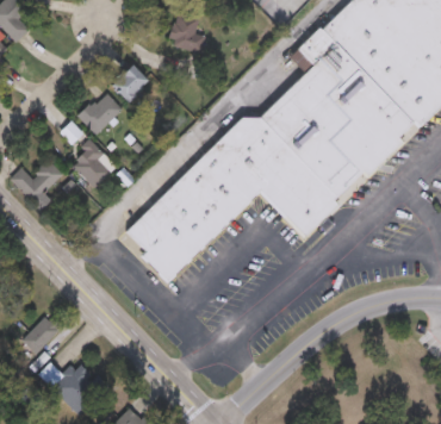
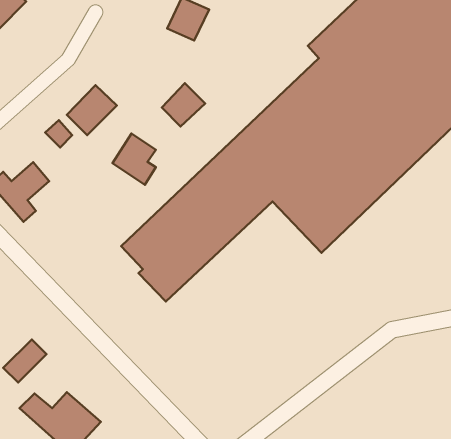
building: [111,64,149,102] -> [162,83,205,126]
building: [70,141,108,186] -> [112,134,156,185]

